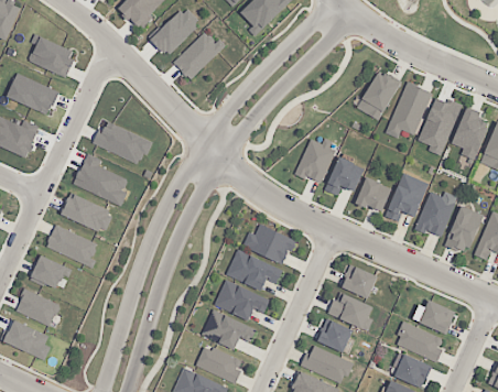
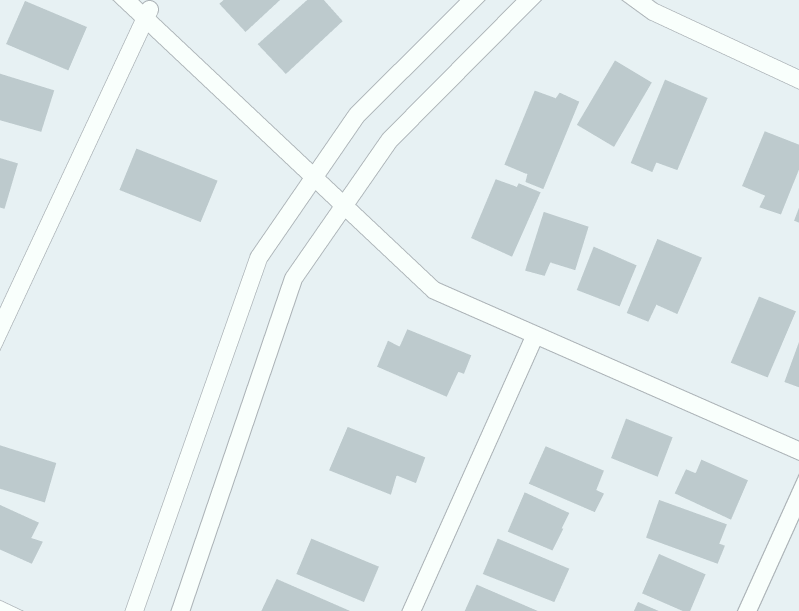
building: [418,98,462,155] -> [503,90,580,190]
building: [74,153,130,204] -> none
building: [414,192,455,237] -> none
building: [62,194,113,233] -> none
building: [45,225,98,268] -> none
building: [226,250,283,291] -> none
building: [31,255,68,290] -> none
building: [340,264,377,298] -> [610,418,673,477]
building: [202,309,256,350] -> none

